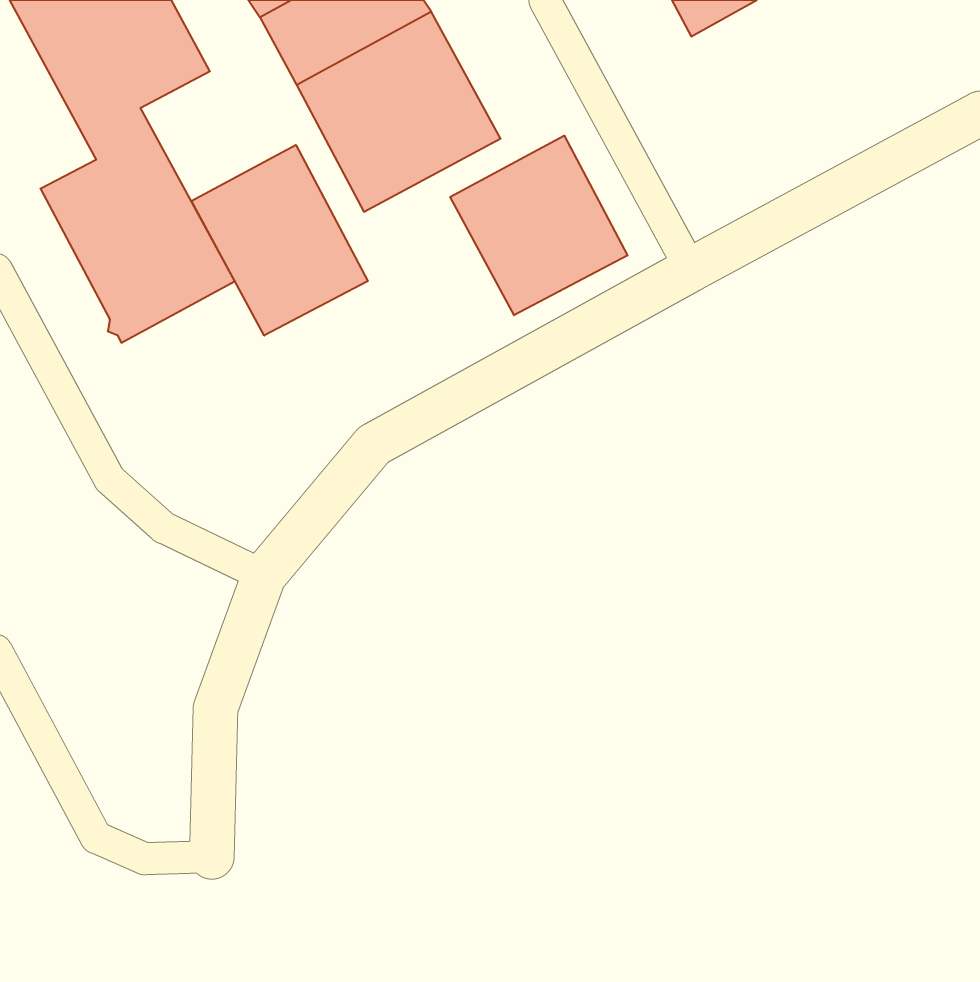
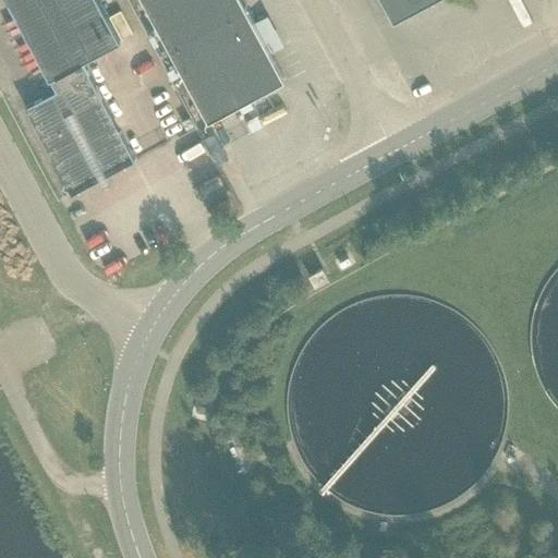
building: [450,136,627,315] -> none
building: [192,145,368,336] -> none

